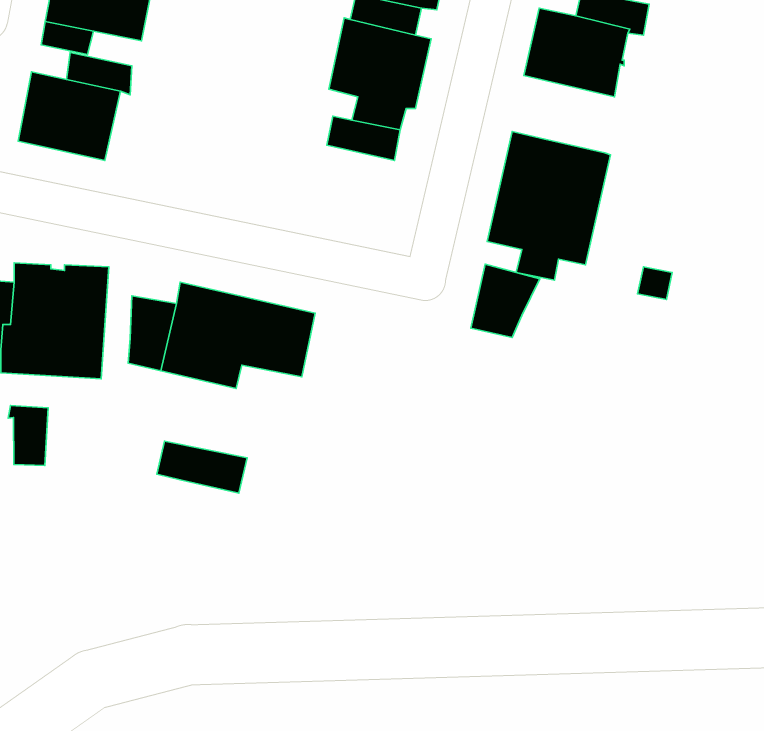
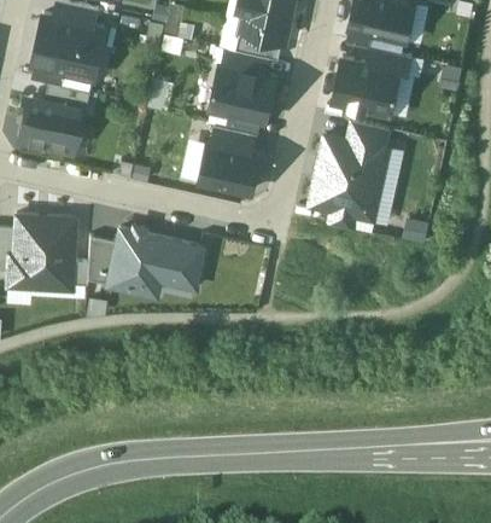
building: none -> [346,120,390,149]
building: none -> [199,144,259,192]
building: [471,264,540,337] -> none
building: [8,405,48,466] -> none
building: [157,441,247,493] -> none

